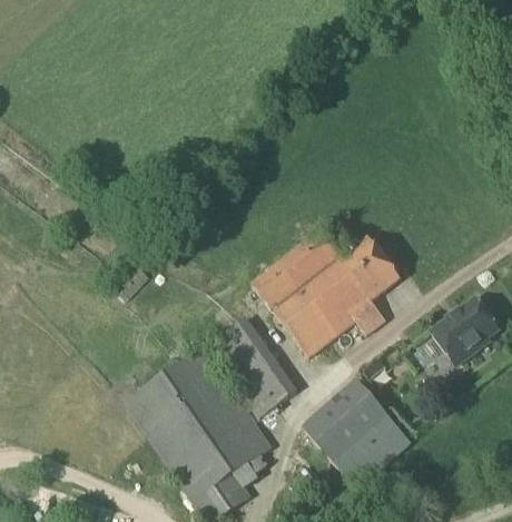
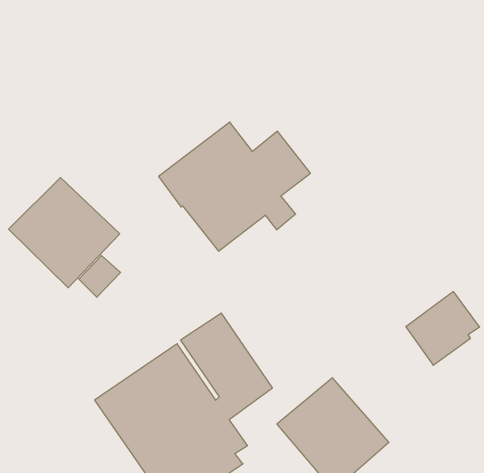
building: none -> [9,178,120,288]
building: [250,228,400,355] -> [159,122,310,251]

